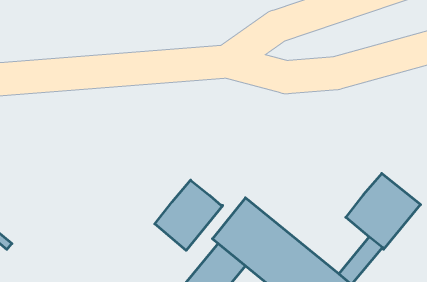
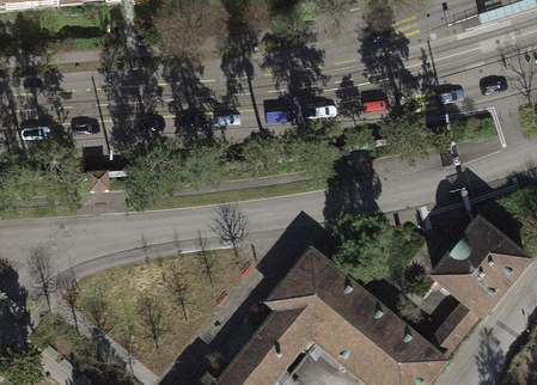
building: [155,180,223,250] -> none

